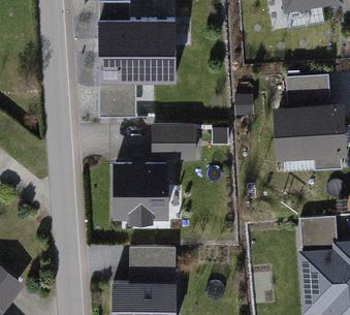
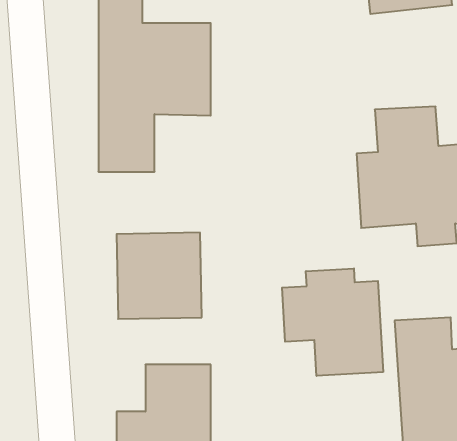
building: [151,124,193,157] -> none
building: none -> [282,268,383,376]

